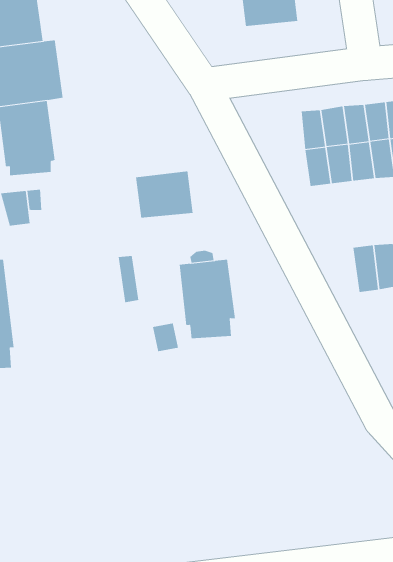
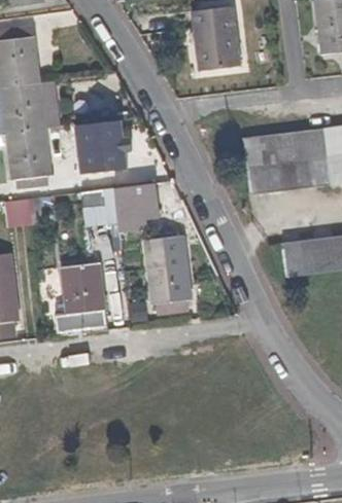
building: none -> [76,118,128,173]
building: none -> [87,187,117,223]
building: none -> [56,262,106,331]

